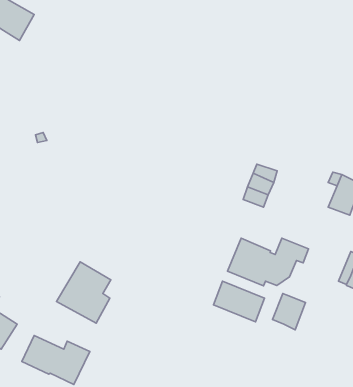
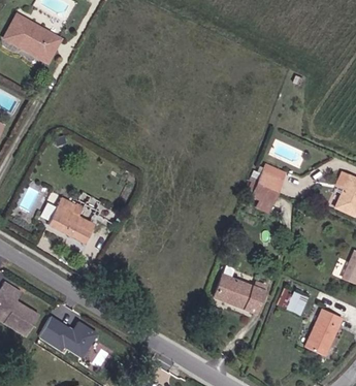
building: [227,238,309,286] -> none
building: [56,262,111,323] -> [51,193,100,249]
building: none -> [306,308,338,349]

